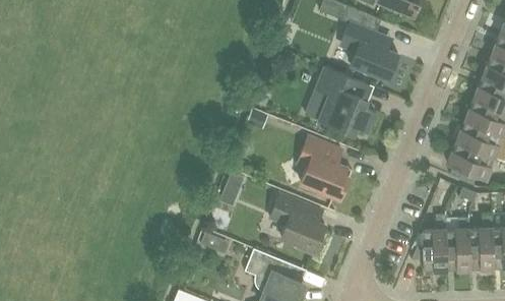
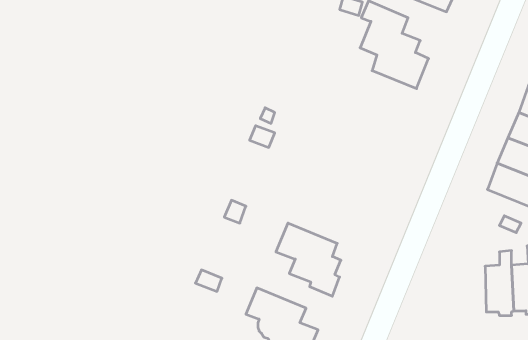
building: [315,66,375,132] -> none
building: [297,136,352,197] -> none
building: [411,214,447,273] -> none

